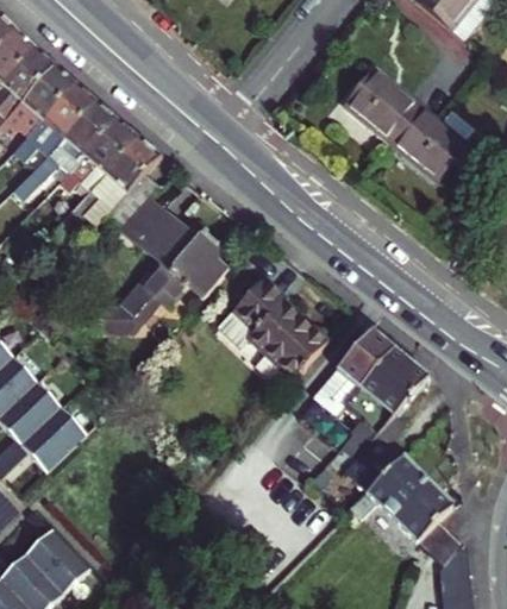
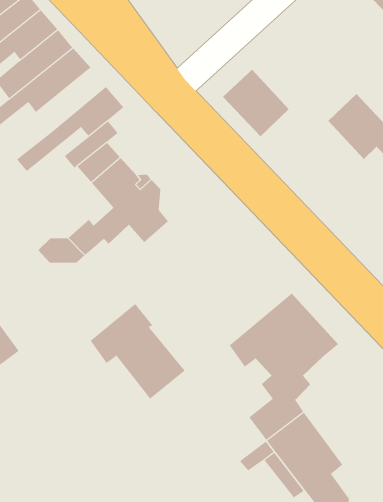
building: [339,67,414,139] -> [222,69,290,137]
building: [60,117,142,194] -> none
building: [219,277,327,379] -> [90,303,186,399]

